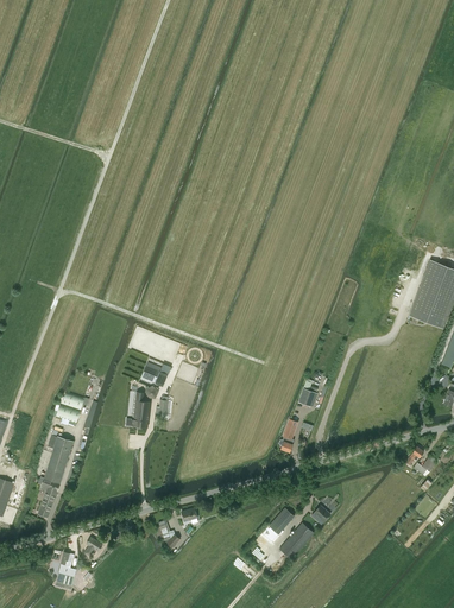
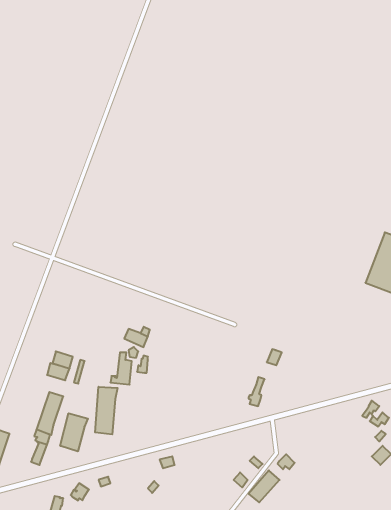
building: none -> [95,387,118,434]
building: none -> [60,413,88,451]

